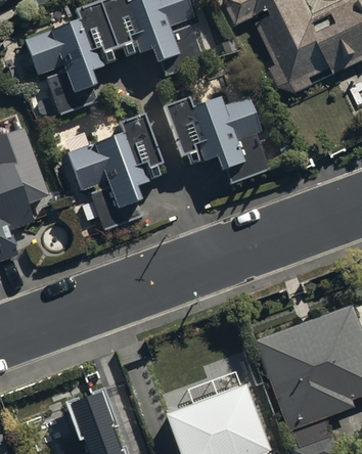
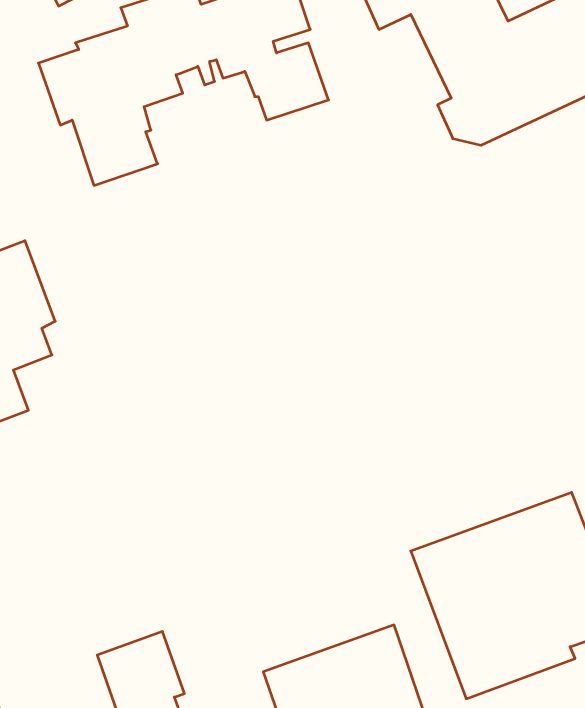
building: [164,99,267,186] -> none
building: [71,111,162,232] -> none

